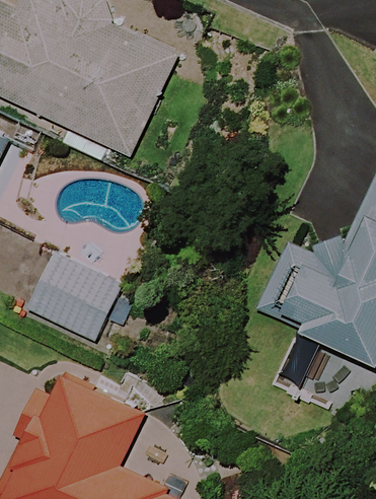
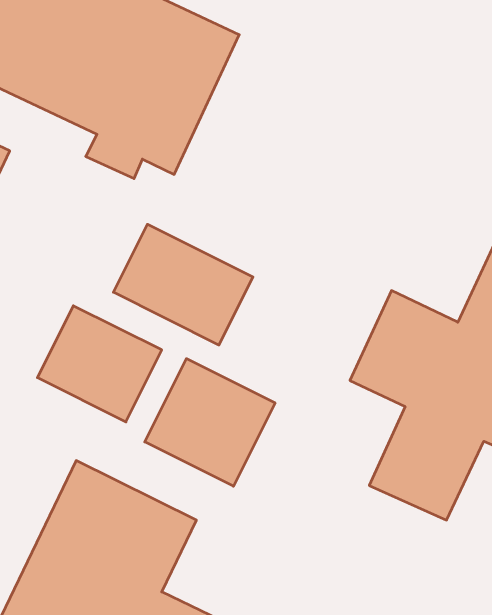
building: none -> [113,224,253,345]
building: none -> [145,359,275,486]

